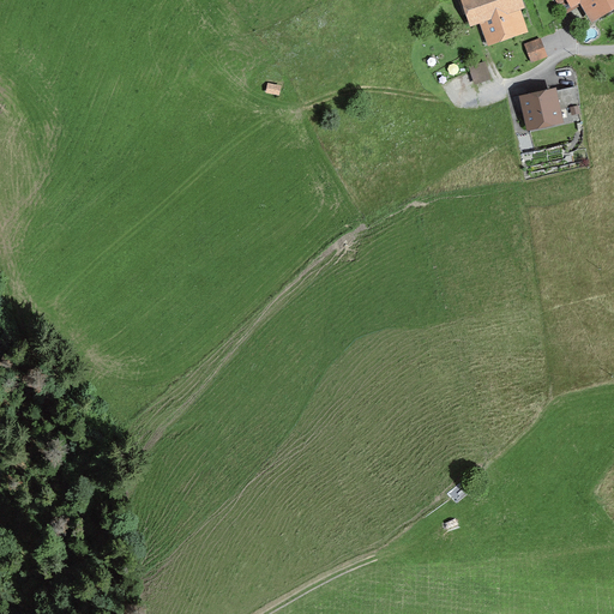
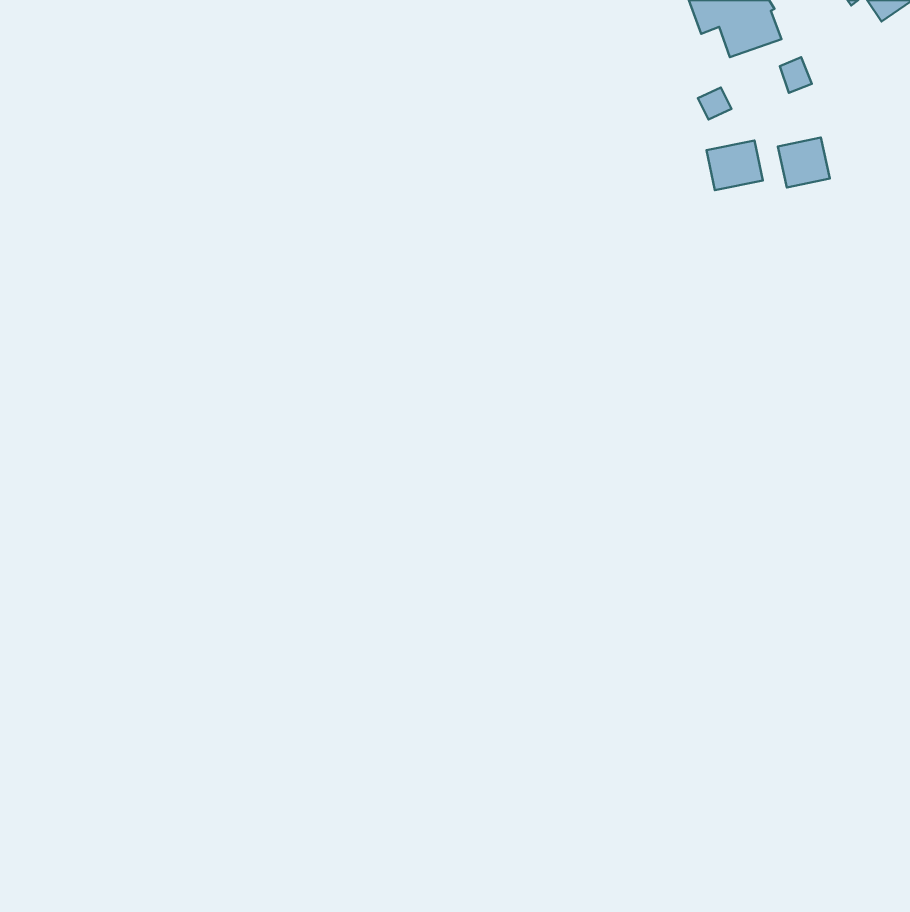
building: none -> [707,140,763,190]

